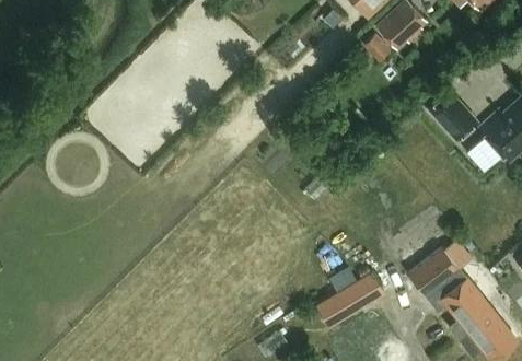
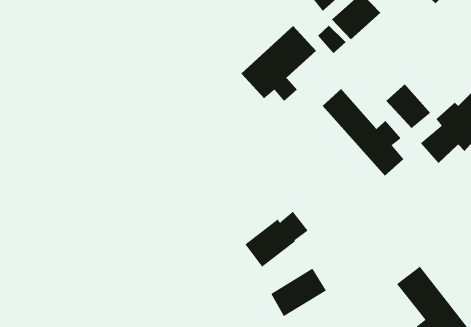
building: none -> [240,25,317,102]
building: none -> [322,88,404,177]
building: [407,238,472,295] -> [244,211,308,267]

